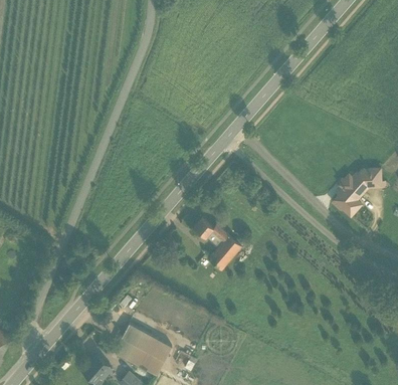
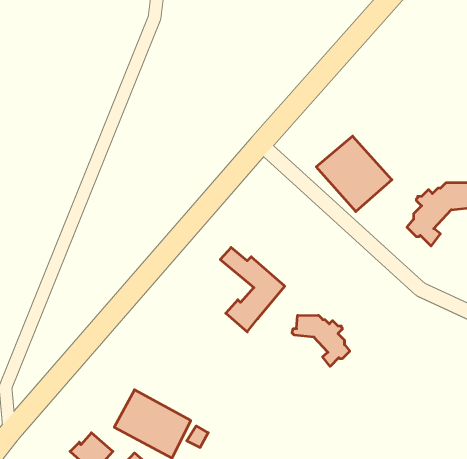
building: none -> [316,136,392,212]
building: none -> [292,315,350,366]

